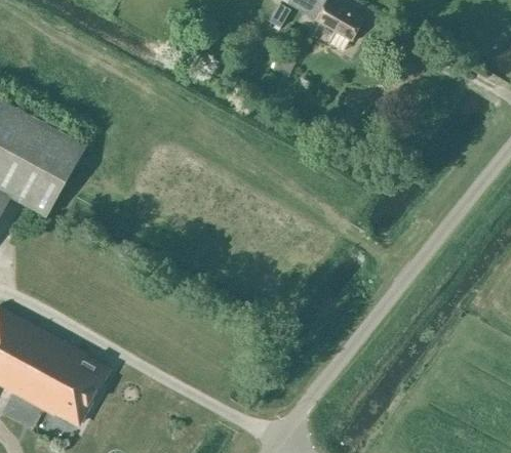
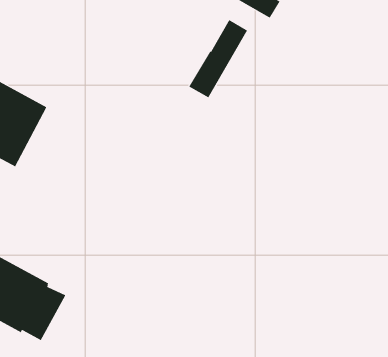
building: none -> [188,19,248,98]

